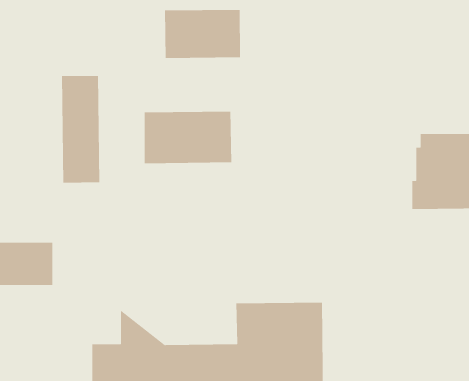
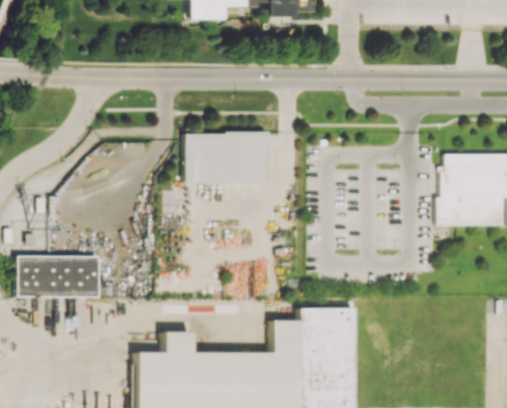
building: [164,9,241,59] -> none
building: [61,75,100,183] -> none

